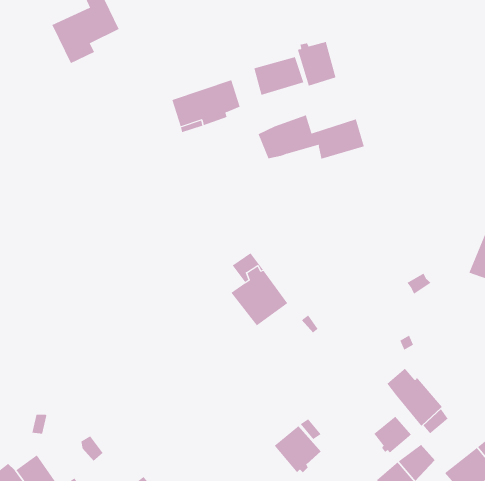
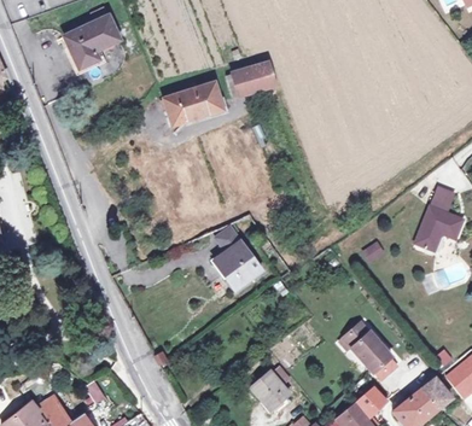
building: [297,41,336,87] -> none
building: [258,114,364,160] -> none
building: [373,416,412,454] -> none

